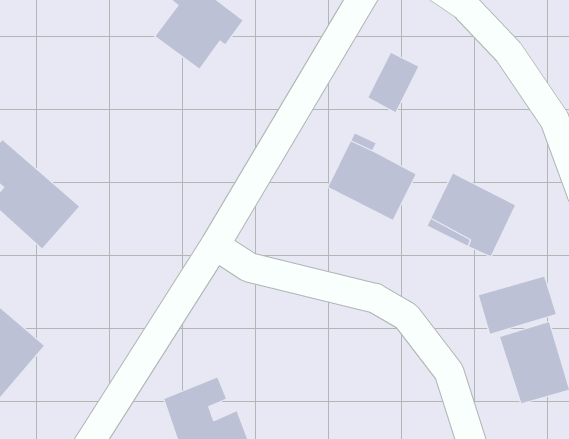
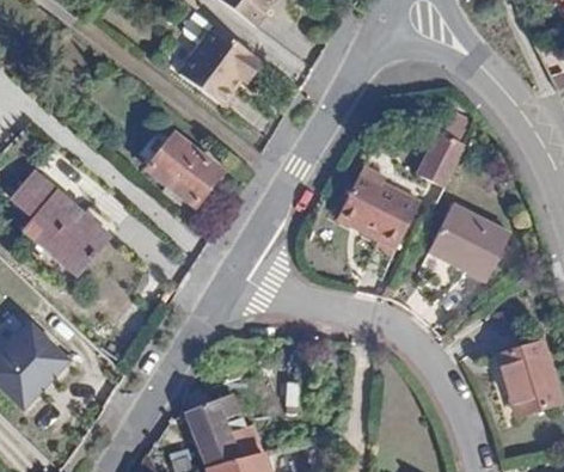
building: [367,52,419,113] -> [417,133,465,189]
building: none -> [146,133,220,204]
building: [478,276,557,335] -> none

